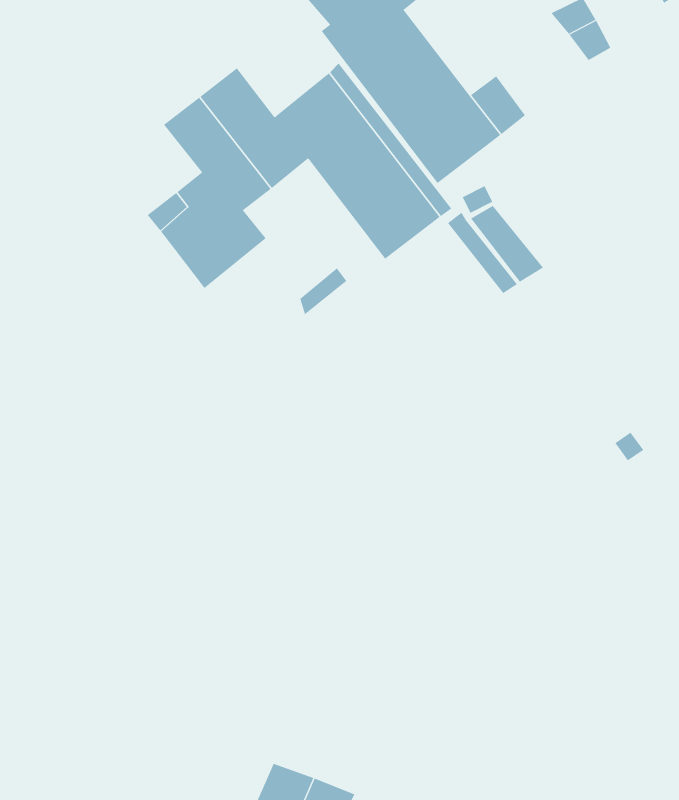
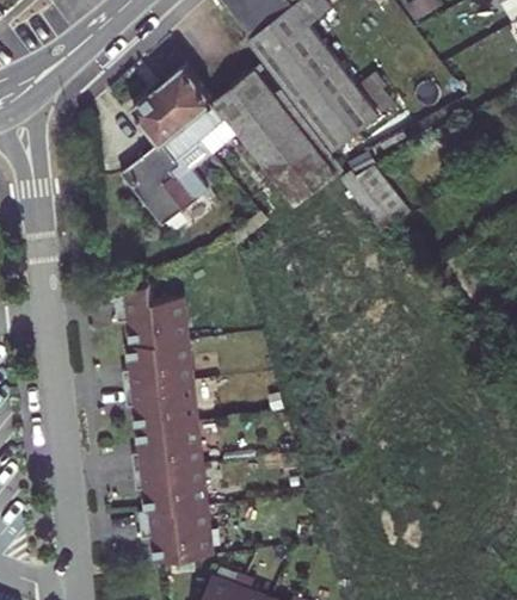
building: none -> [113,276,213,568]

